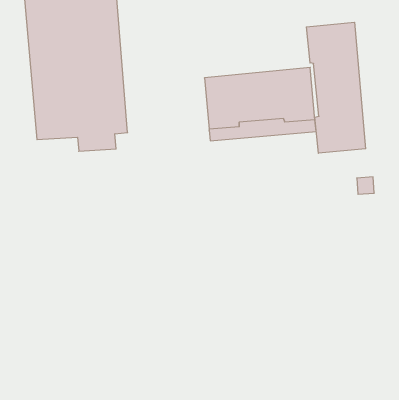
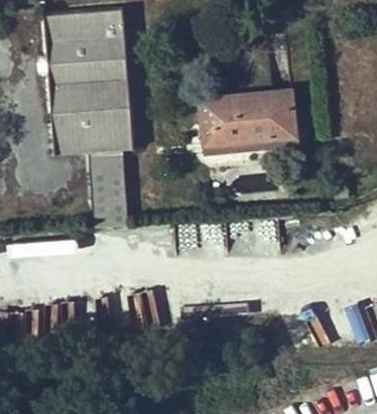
building: [306,22,366,153] -> none
building: none -> [91,161,127,230]

